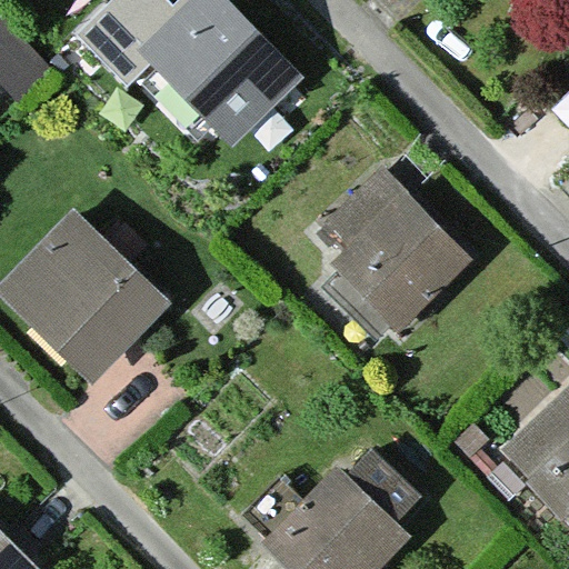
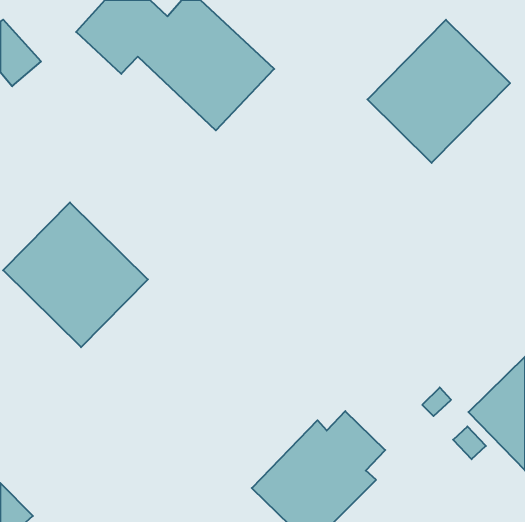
building: none -> [367,20,510,163]
building: [337,173,465,319] -> none

